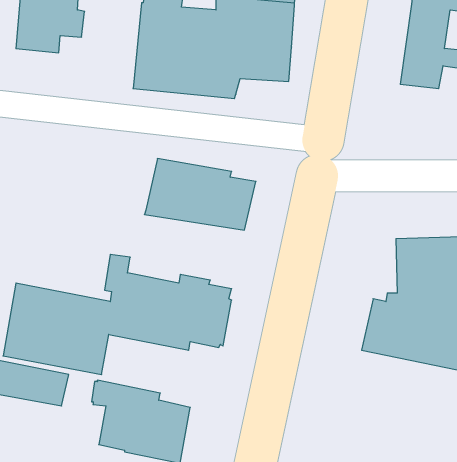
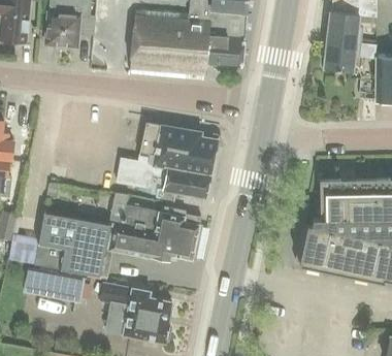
building: none -> [117,157,210,200]

